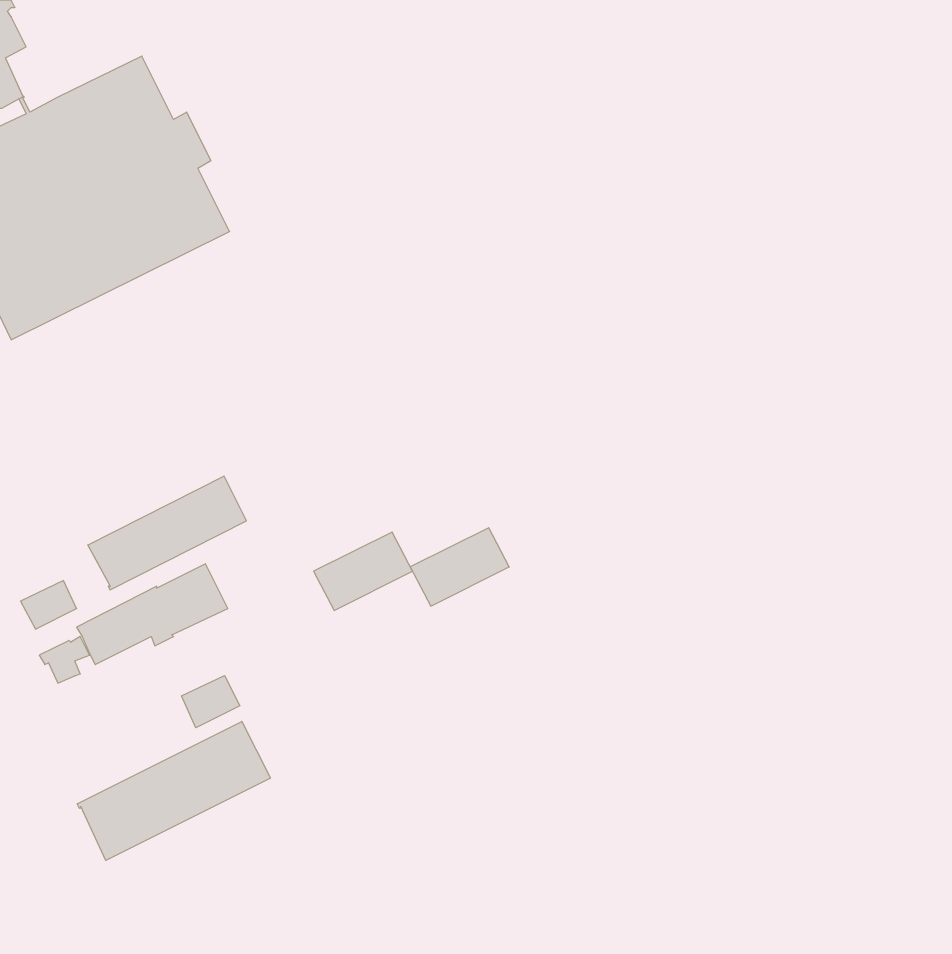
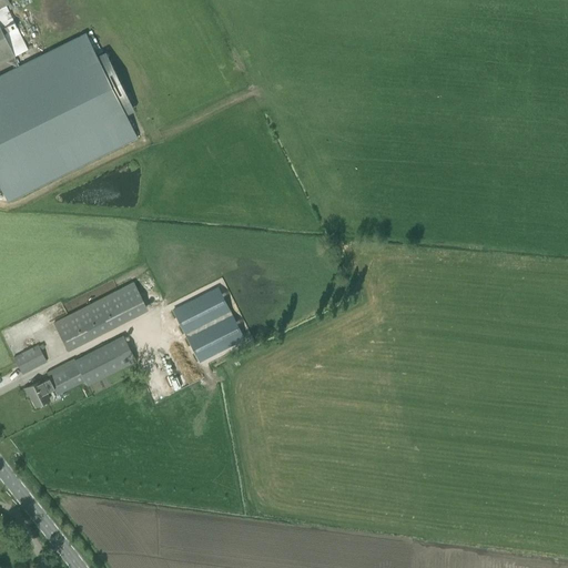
building: [410,528,509,606] -> [172,288,231,335]
building: [182,676,240,728] -> none
building: [77,721,270,860] -> none

